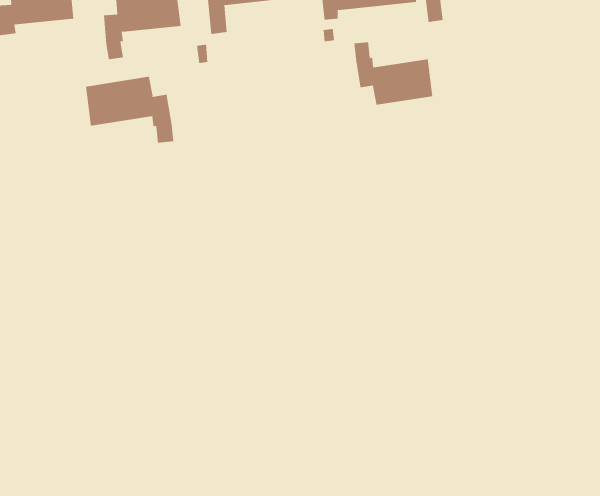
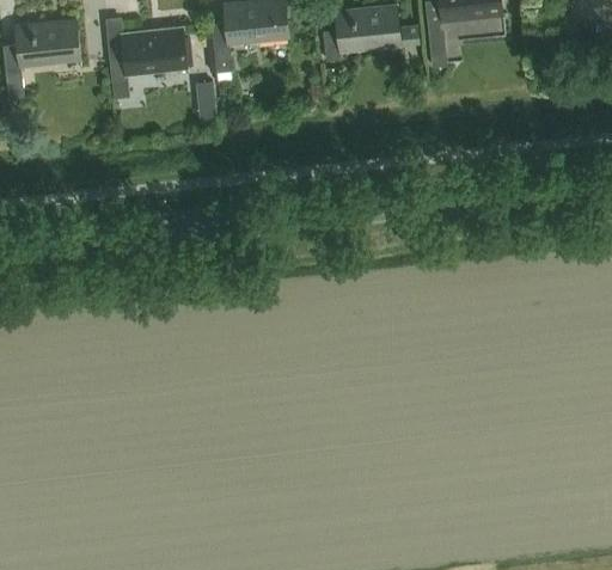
building: [354,41,433,105] -> none
building: [85,76,174,144] -> none

